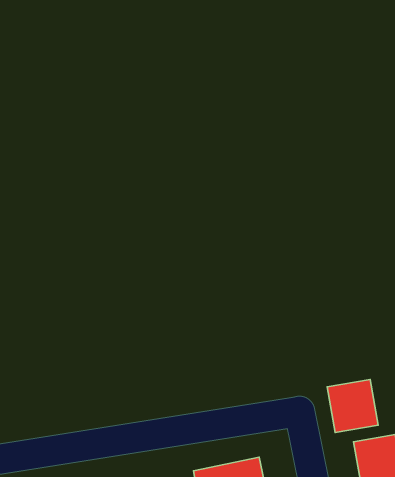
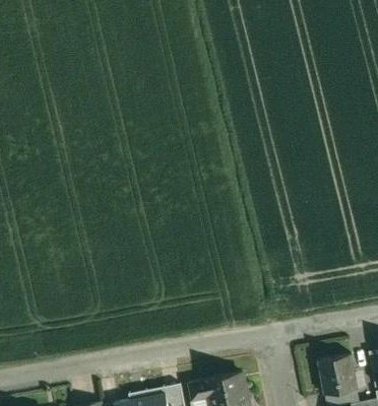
building: [327,379,378,432] -> none

